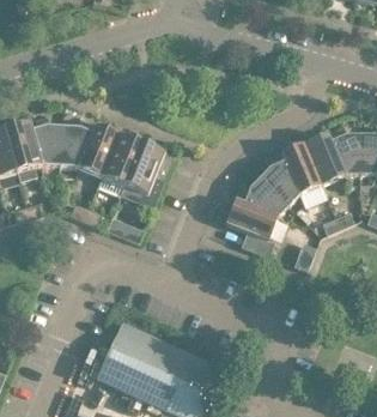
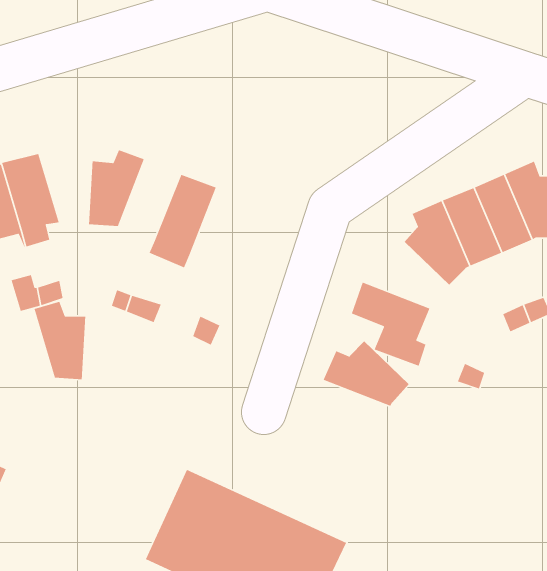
building: [29,116,62,167] -> [33,301,86,380]
building: [79,125,118,176] -> none
building: [121,143,174,207] -> none
building: [233,177,288,219] -> [323,341,410,407]

